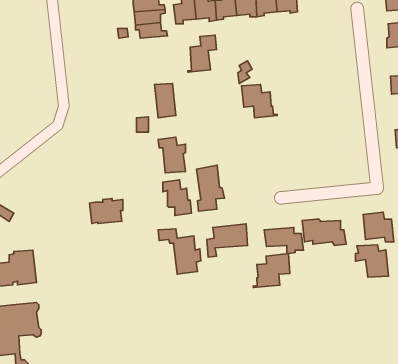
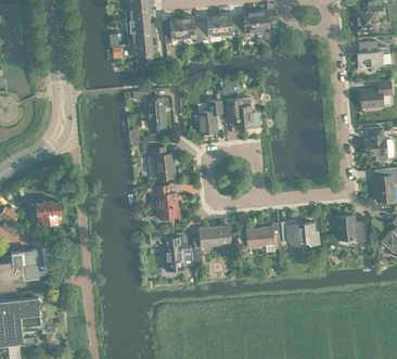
building: [188,35,216,72] -> [196,101,222,134]
building: [197,165,224,211] -> none
building: [90,198,123,223] -> [30,201,61,223]
building: [356,245,388,277] -> none
building: [253,254,290,287] -> none

